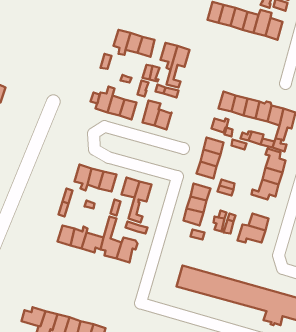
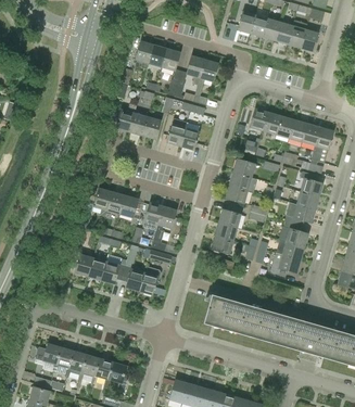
building: none -> [279,220,308,246]

